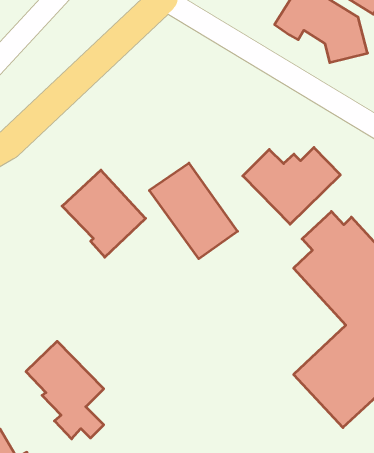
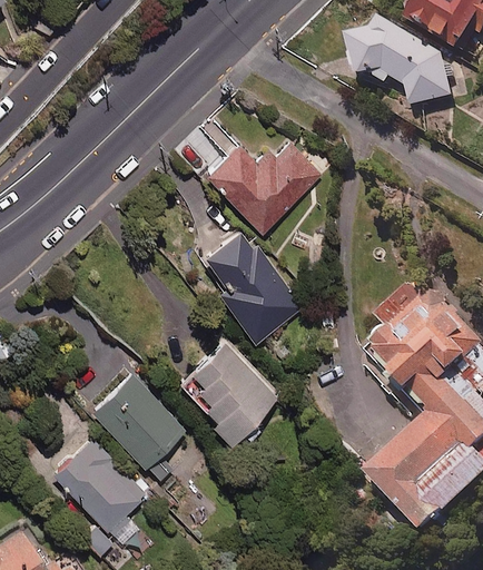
building: [243,147,340,224] -> [205,140,319,230]
building: [62,170,146,257] -> [177,338,275,441]
building: none -> [88,370,183,481]

